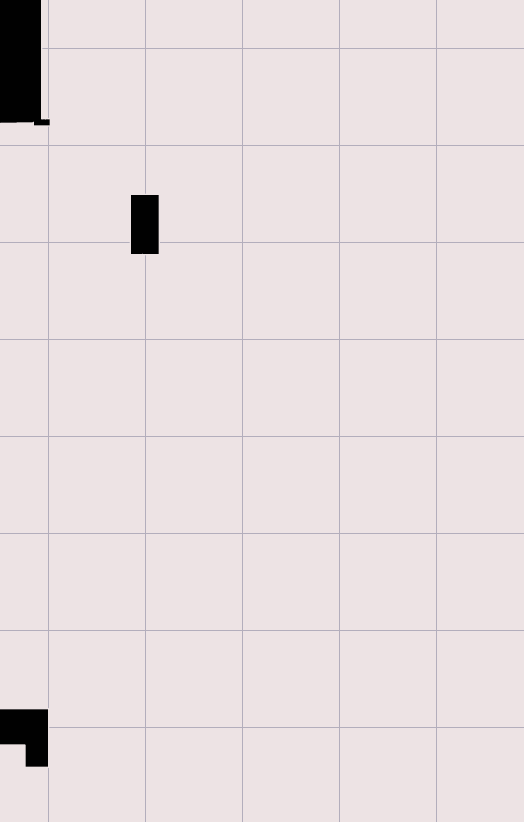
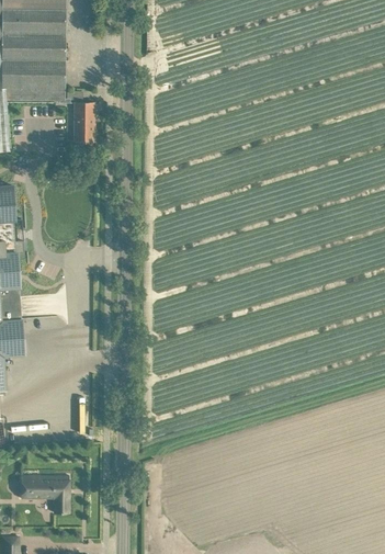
building: [130,194,159,254] -> [72,102,91,140]

